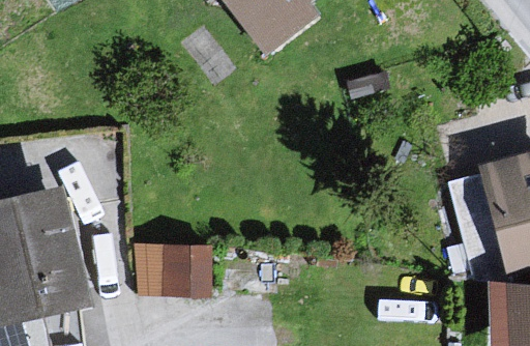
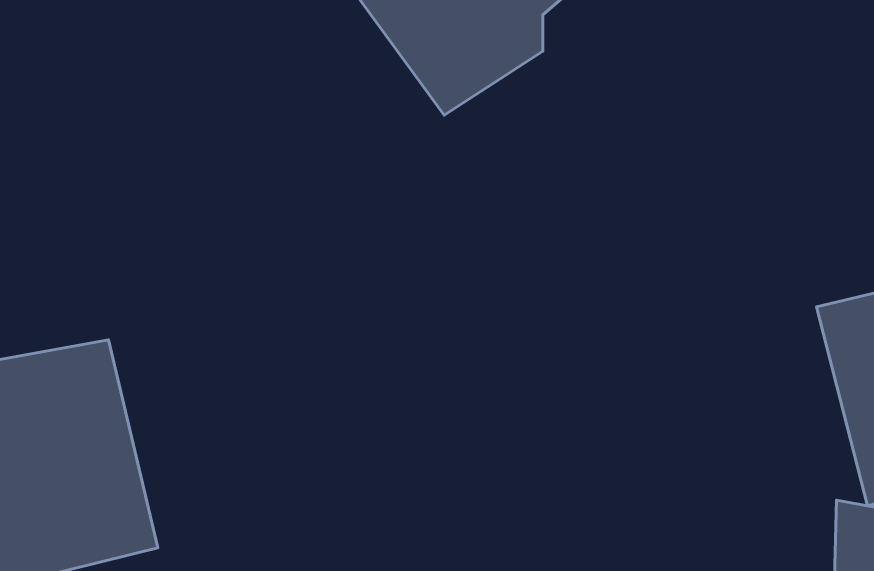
building: [134,227,210,281] -> none

